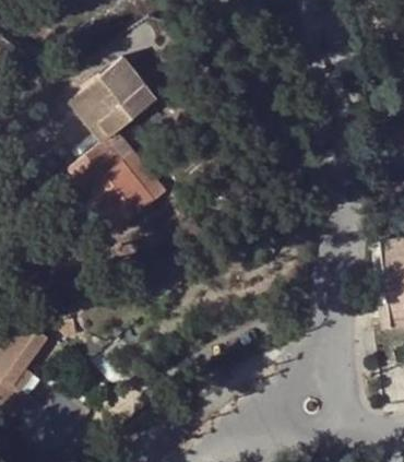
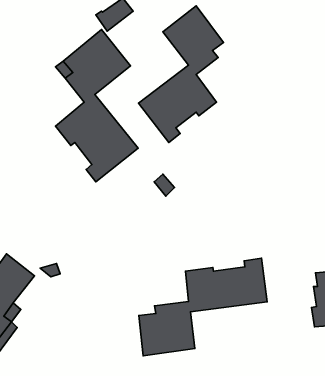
building: none -> [139,6,224,142]
building: none -> [139,258,267,356]

